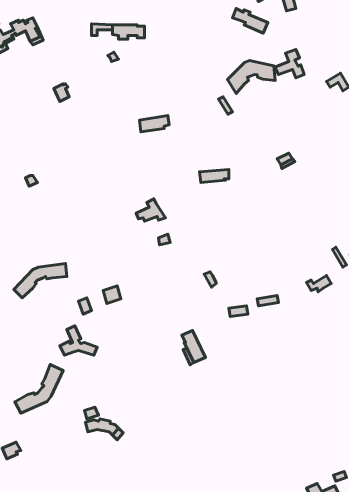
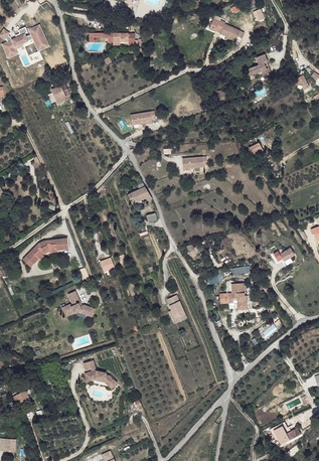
building: [227,60,275,93] -> none
building: none -> [218,283,247,310]
building: [15,365,63,413] -> none

